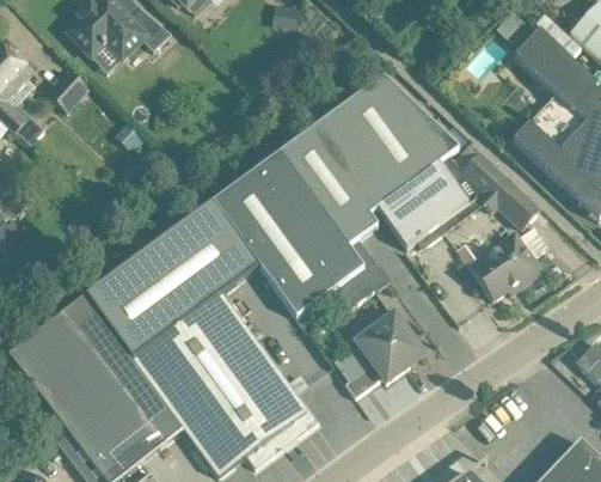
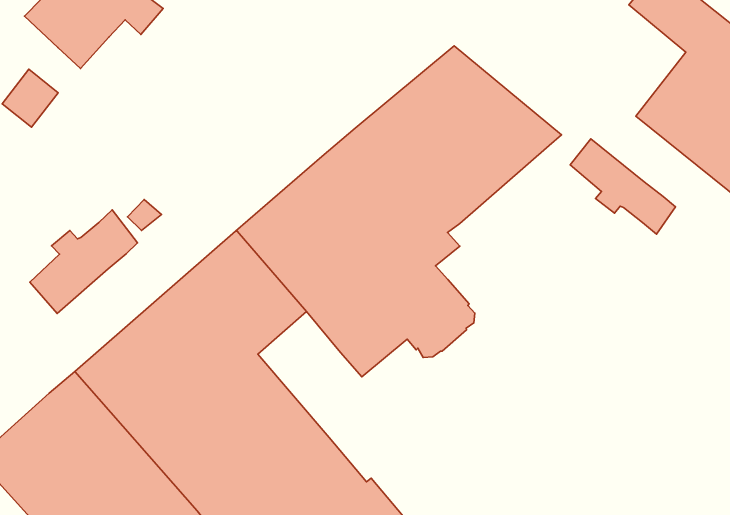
building: [378,154,484,248] -> none
building: none -> [30,210,138,313]
building: [456,231,541,298] -> none
building: [345,306,421,395] -> none

